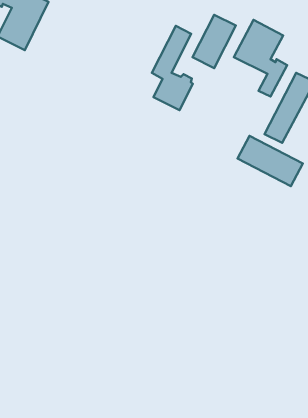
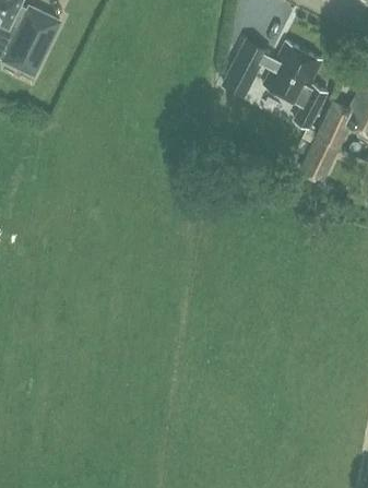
building: [152,26,193,110] -> none
building: [237,136,303,186] -> none

